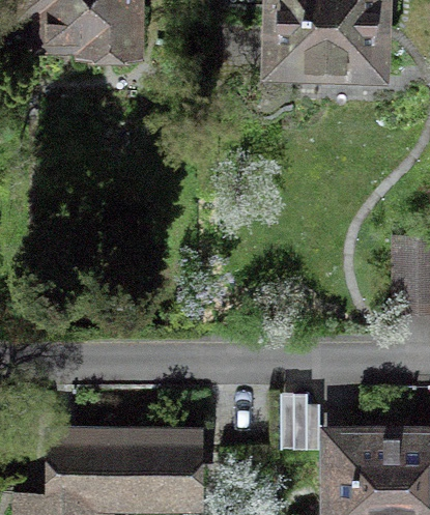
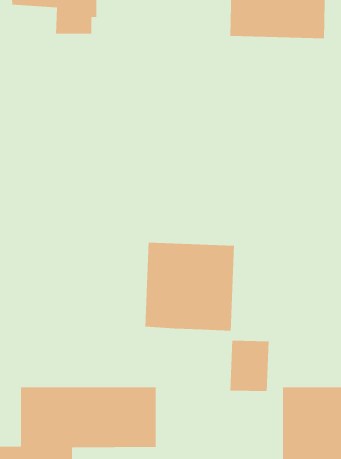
building: none -> [145,242,235,331]

